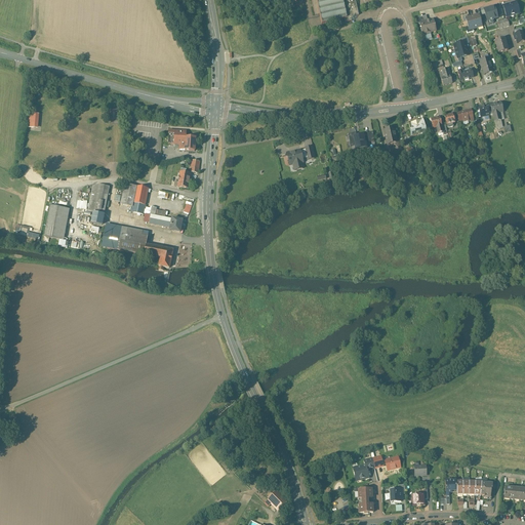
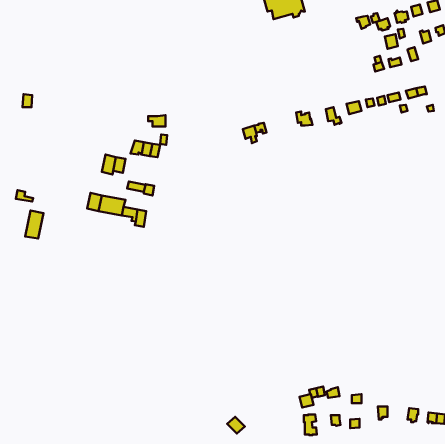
building: [87,183,109,217] -> none
building: [44,204,66,237] -> [25,210,43,238]

